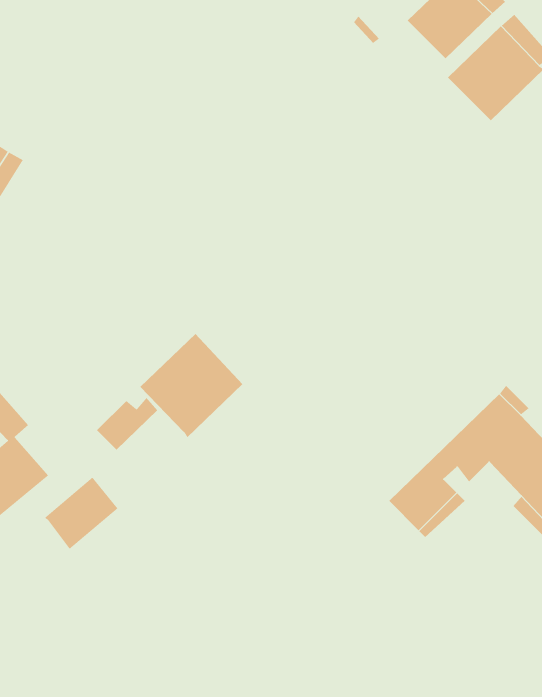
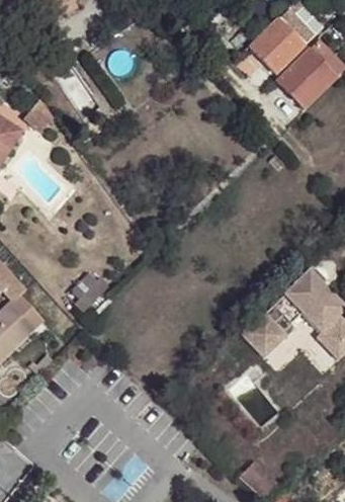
building: [139,333,243,438] -> none
building: [44,477,118,550] -> none

